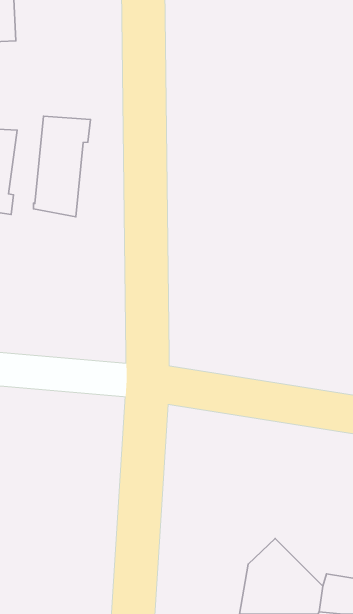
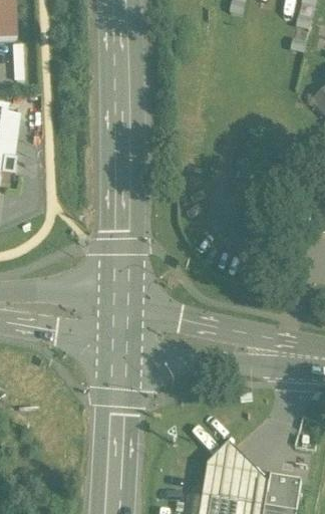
building: [34,116,90,217] -> none

